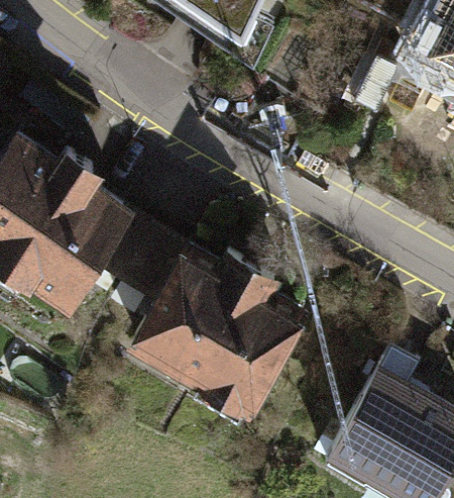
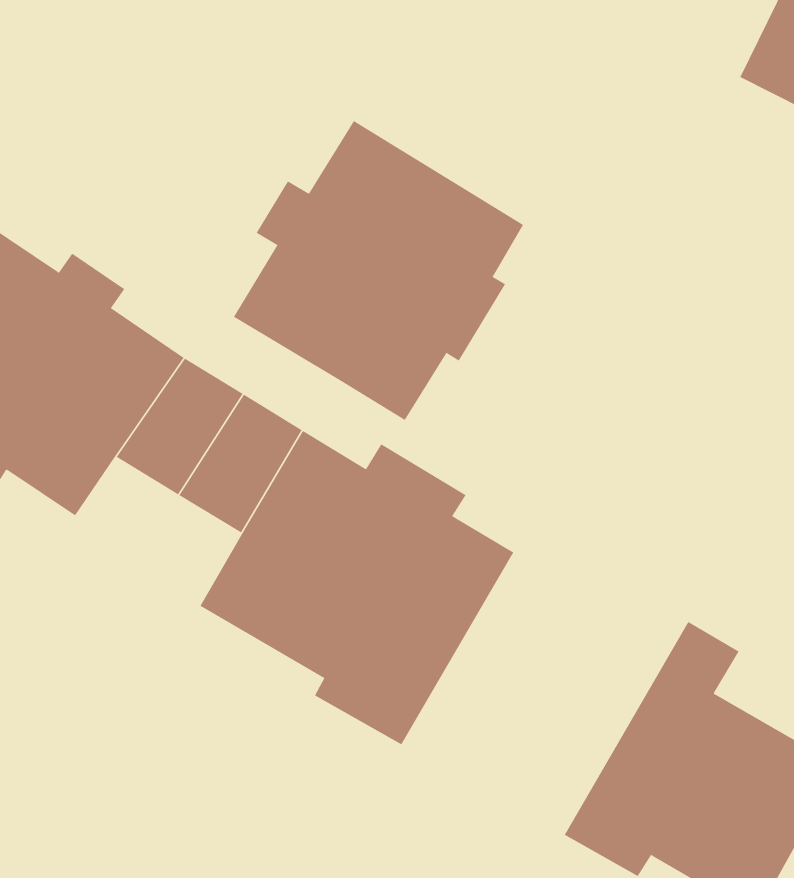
building: none -> [233,120,524,421]

